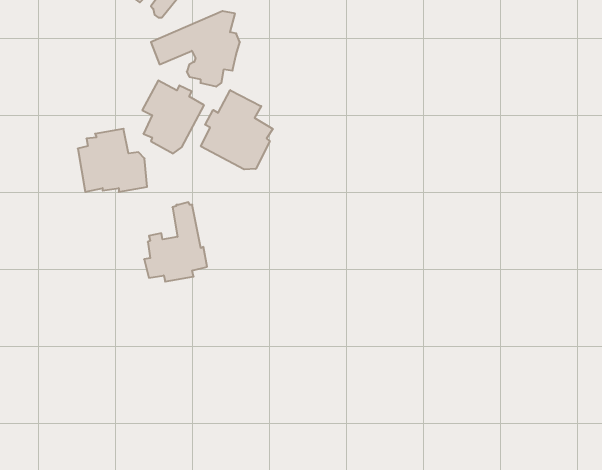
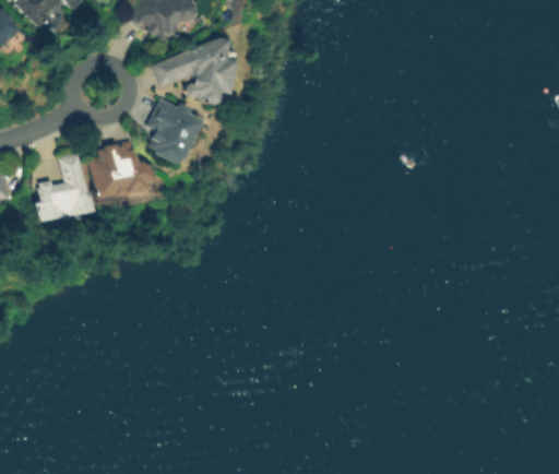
building: [201,90,273,169] -> none
building: [144,202,207,282] -> [35,154,91,224]

